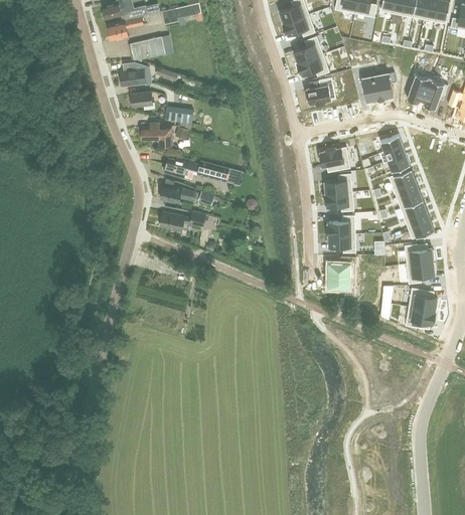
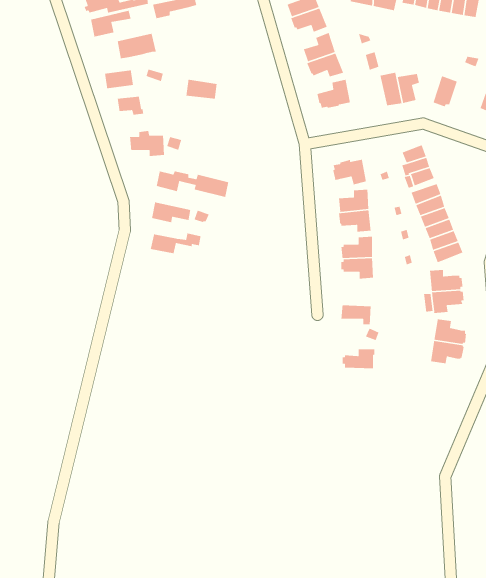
building: [422,77,447,107] -> none
building: [165,104,193,122] -> [186,79,218,100]
building: [325,256,354,275] -> [342,349,375,369]

